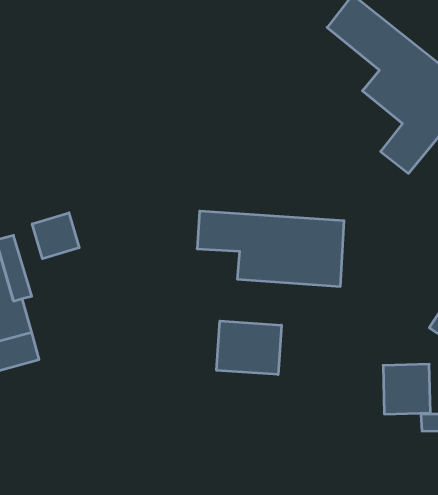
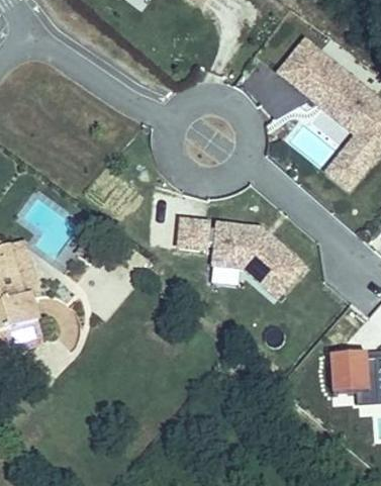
building: [32,213,79,259] -> none
building: [217,321,281,375] -> none

